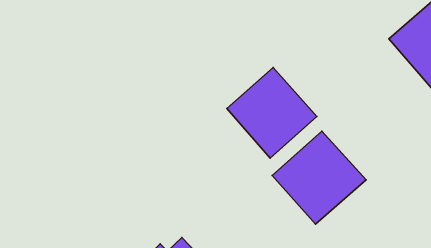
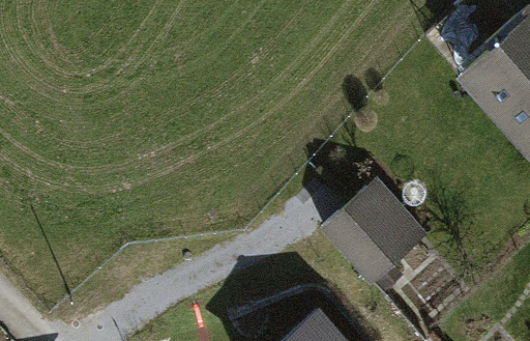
building: [227,68,317,158] -> none

